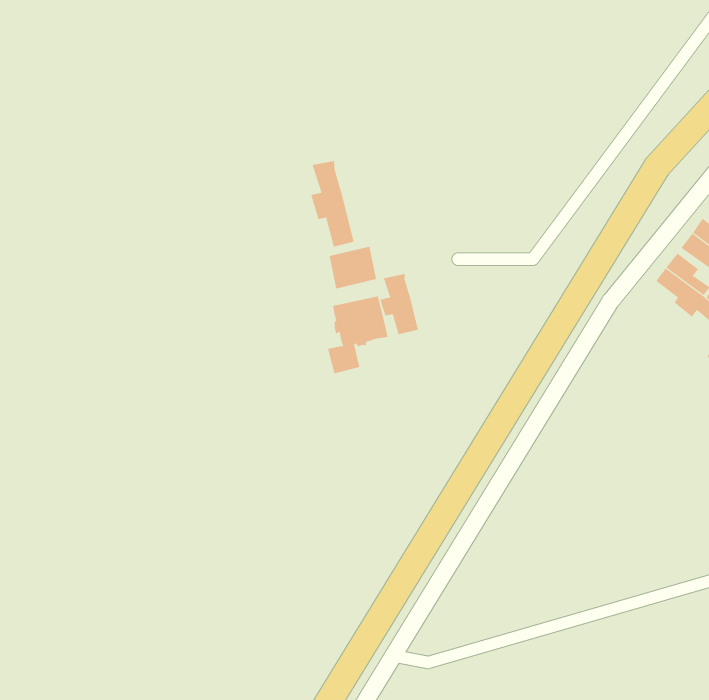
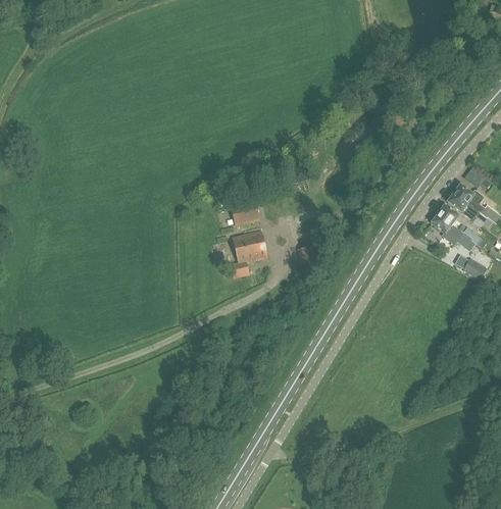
building: [310,160,354,247] -> none
building: [379,273,418,335] -> none

